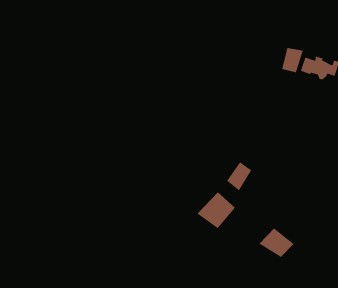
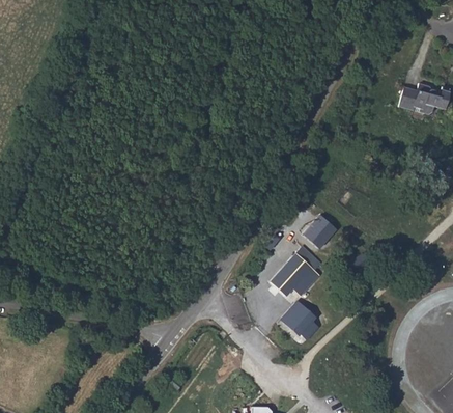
building: [281,47,304,73] -> none
building: [259,228,295,258] -> [281,301,327,339]

